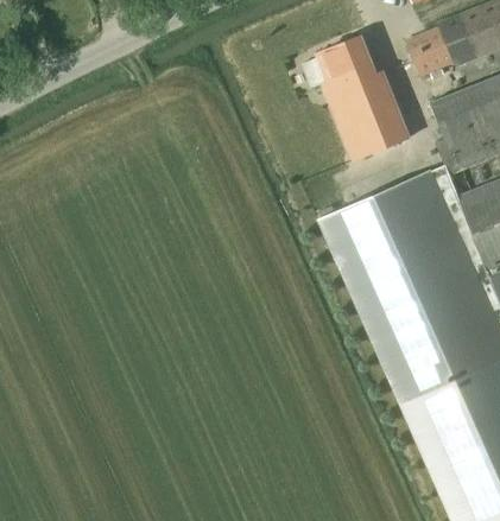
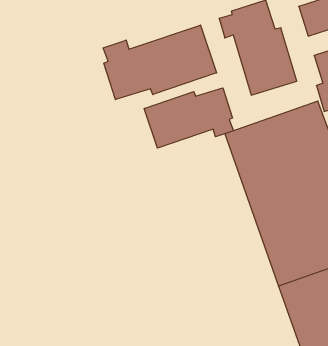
building: none -> [103,25,217,100]
building: none -> [144,88,233,148]

